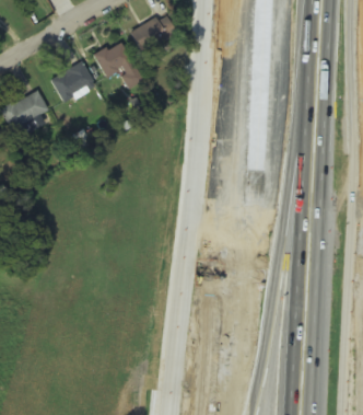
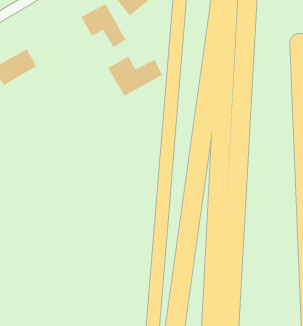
building: [54,64,96,100] -> none
building: none -> [107,56,163,97]

